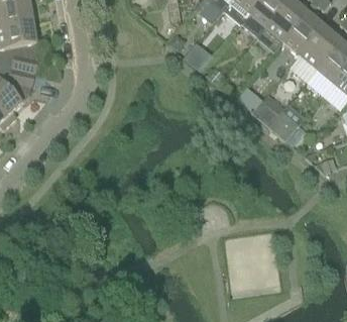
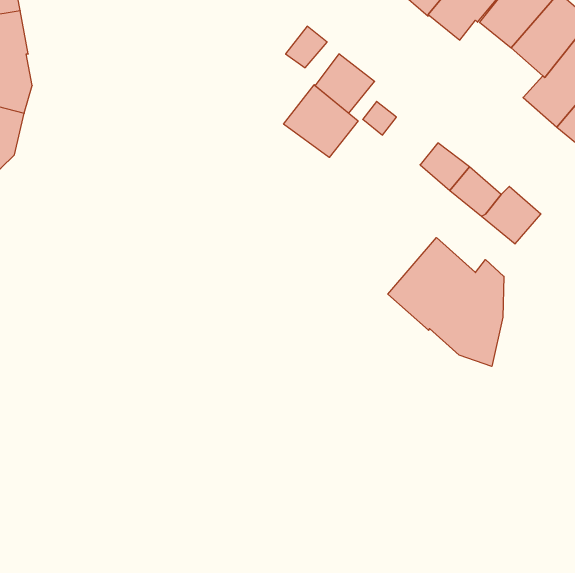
building: none -> [284,85,358,157]
building: none -> [388,238,504,366]

